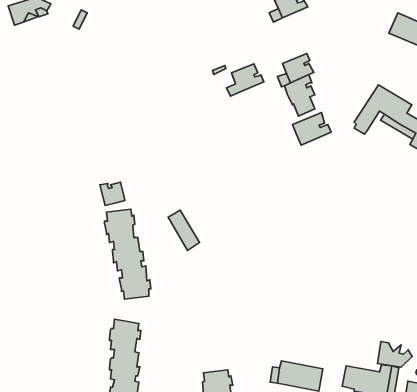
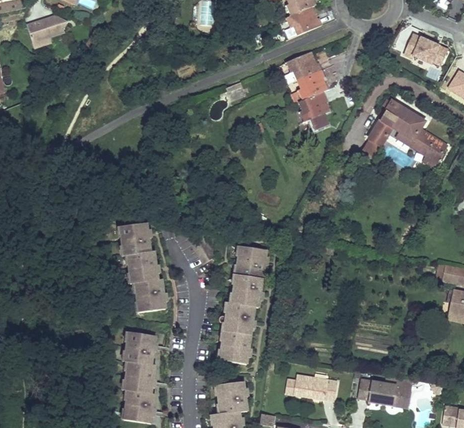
building: [226,64,264,96] -> [284,51,321,83]
building: [292,112,331,145] -> none
building: [100,182,125,206] -> none
building: none -> [219,247,268,364]
building: [378,341,412,367] -> none

